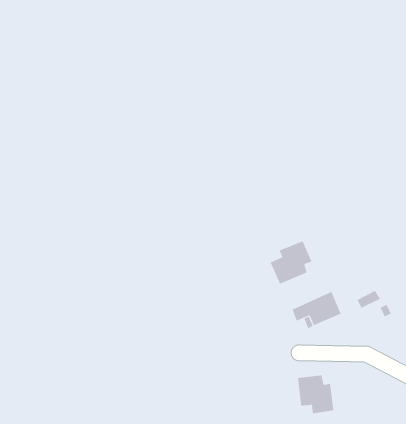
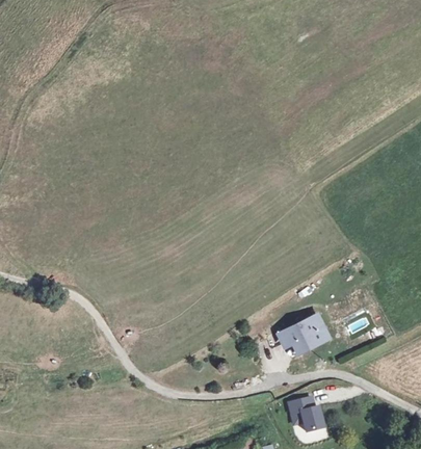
building: [270,240,312,284] -> none

